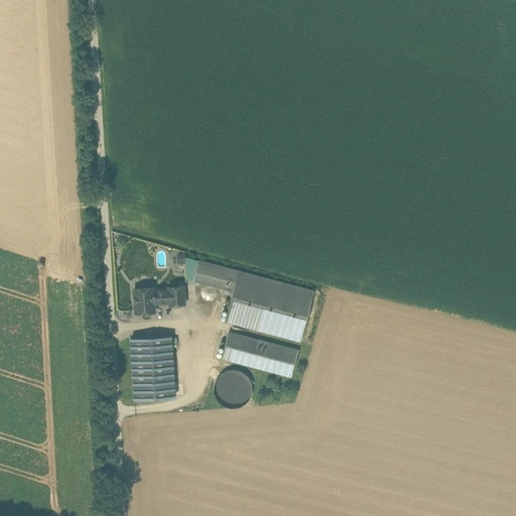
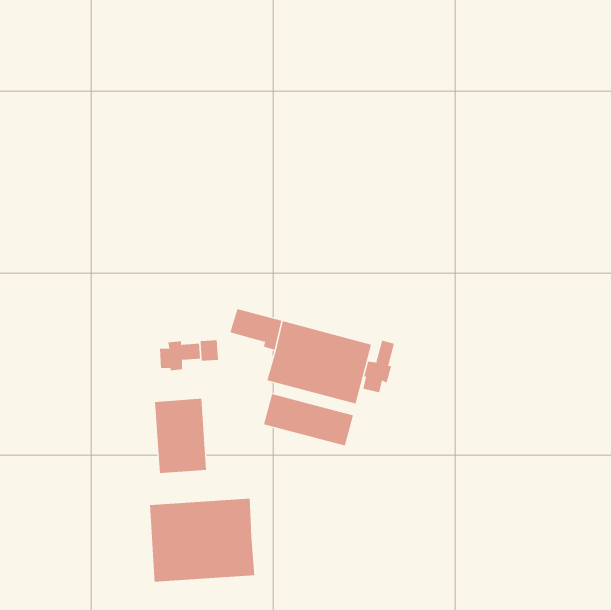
building: none -> [363,340,394,393]
building: [214,370,252,407] -> none
building: none -> [149,498,255,583]

